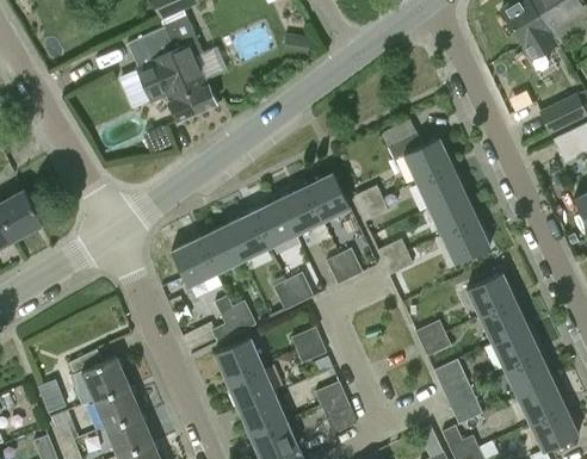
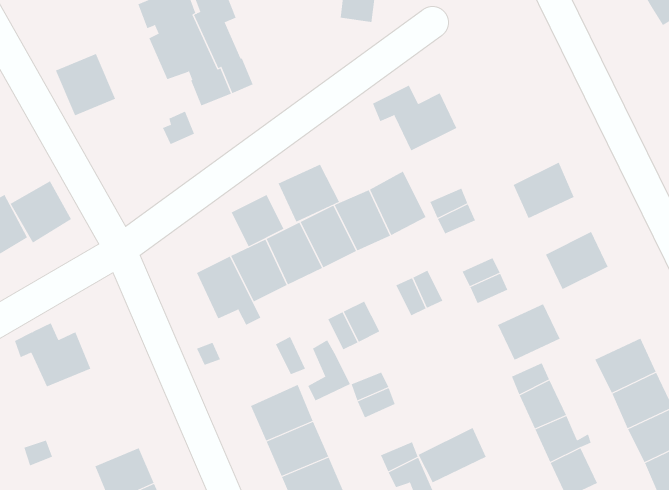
building: none -> [55,53,116,116]
building: [387,132,452,184] -> [372,85,457,151]
building: none -> [278,164,340,223]
building: none -> [10,180,72,244]
building: none -> [231,194,284,247]
building: [428,193,477,237] -> none
building: [466,274,515,318] -> [497,303,561,361]
building: [211,296,245,343] -> [307,339,351,401]
building: [68,351,128,401] -> [14,322,91,387]
building: none -> [418,427,486,483]

